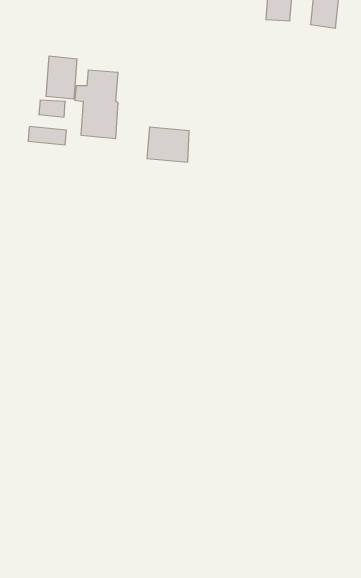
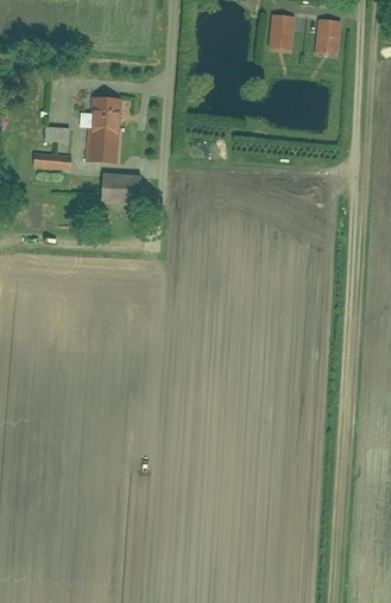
building: [46,56,77,99] -> none
building: [147,127,189,162] -> [101,172,143,207]

